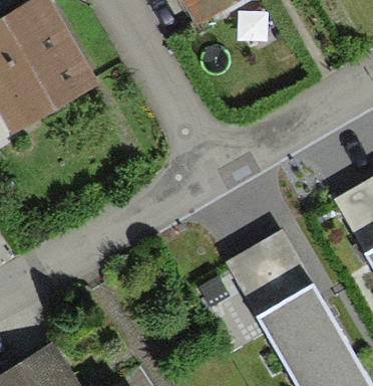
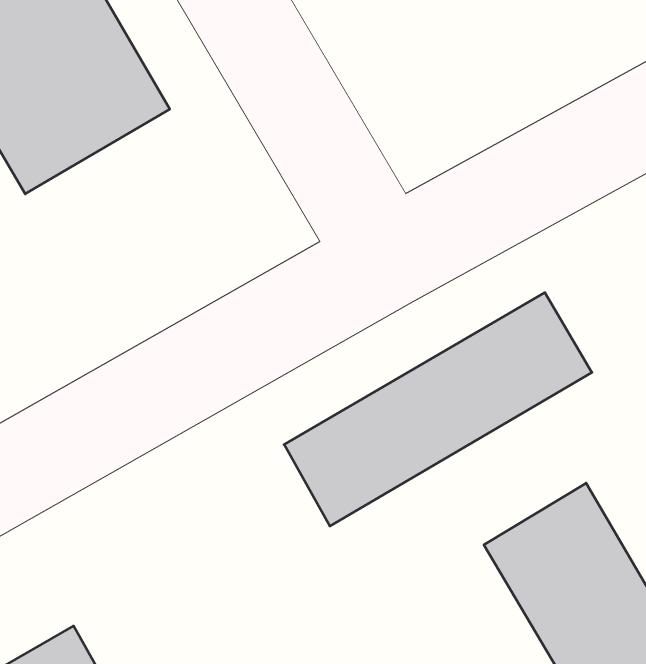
building: none -> [284,293,592,526]

